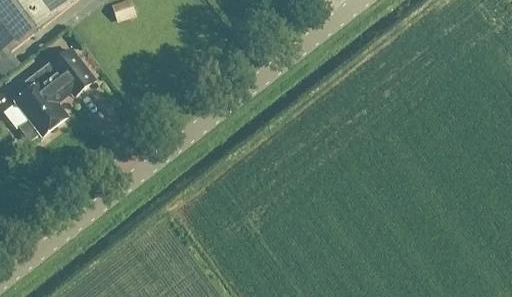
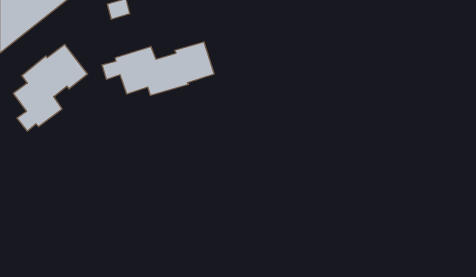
building: none -> [102,42,214,95]

